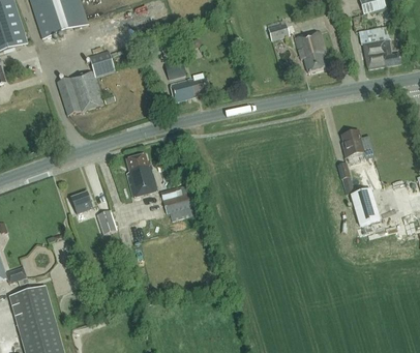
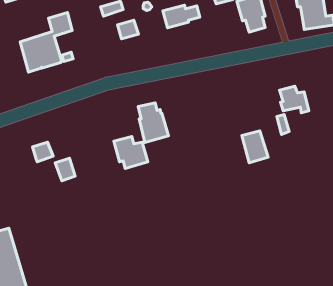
building: [169,77,209,101] -> [163,5,200,28]
building: [125,154,158,198] -> [138,103,169,143]
building: [350,188,379,224] -> [242,131,268,163]

